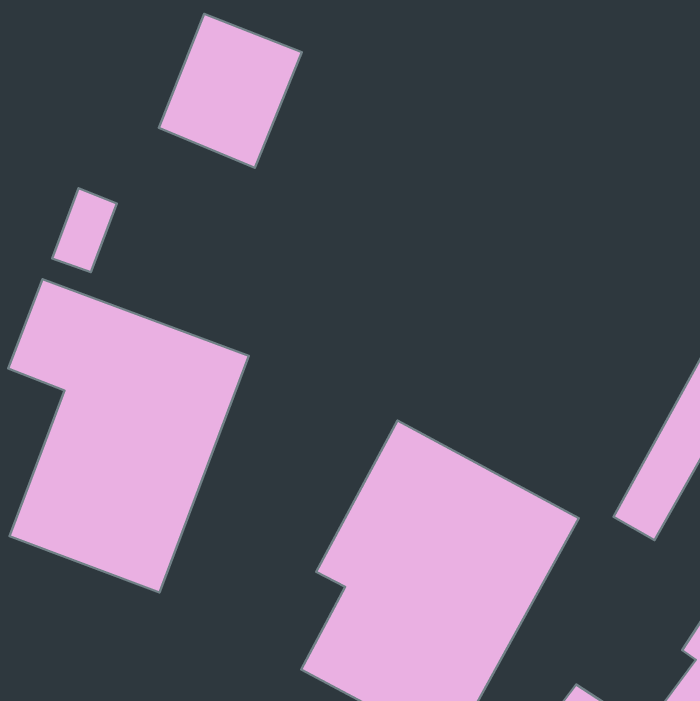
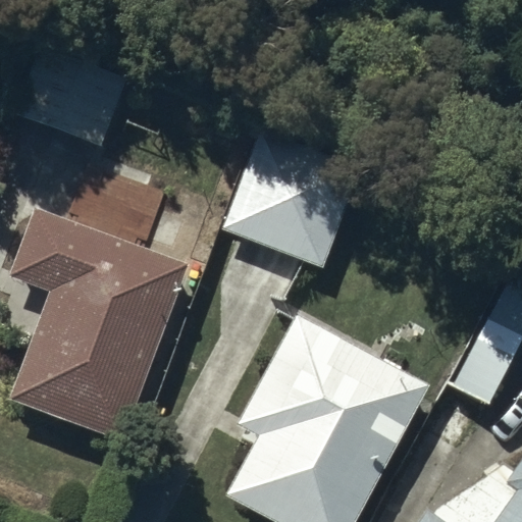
building: [159,14,302,168] -> [20,30,126,144]
building: none -> [223,122,361,266]

